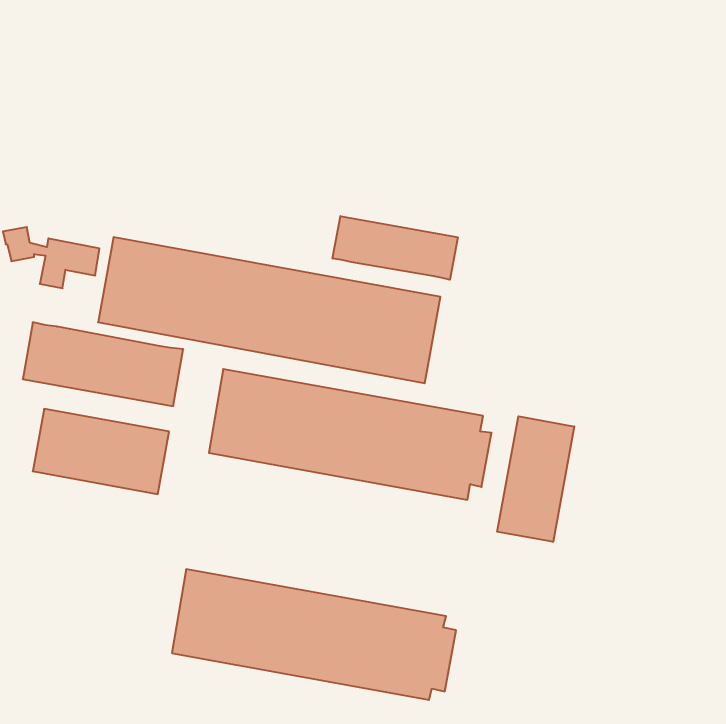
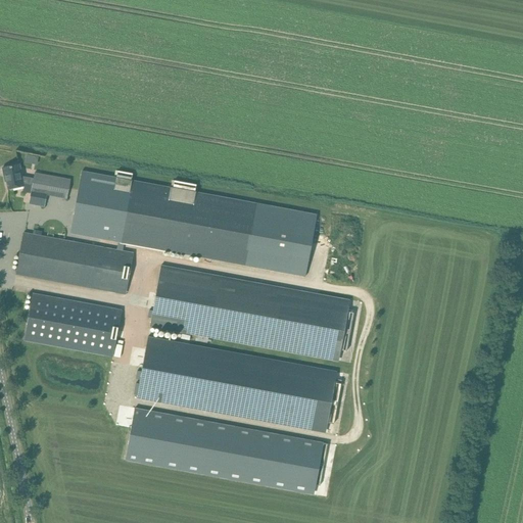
building: [333,216,458,280] -> none
building: [497,416,574,542] -> none
building: none -> [137,336,342,431]

